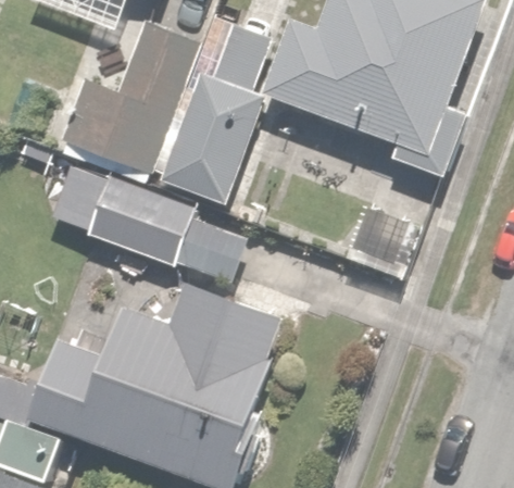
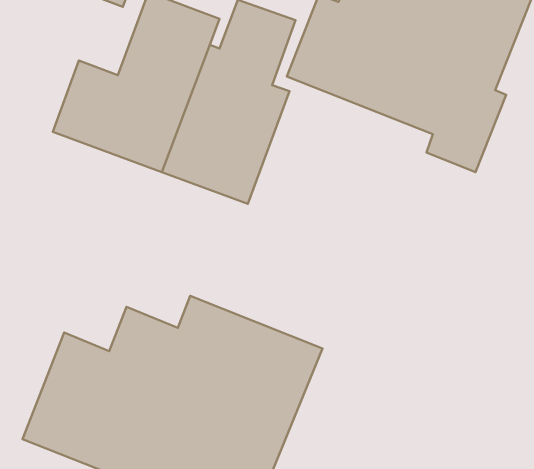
building: [43,153,240,280] -> none

